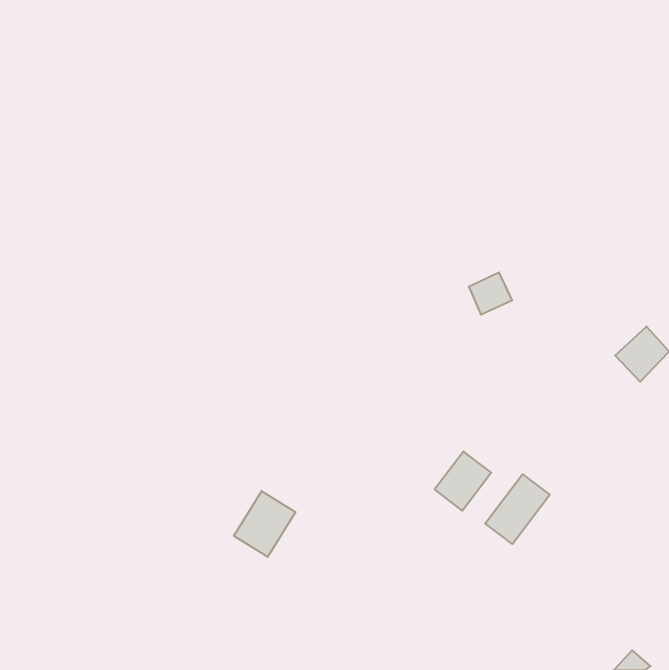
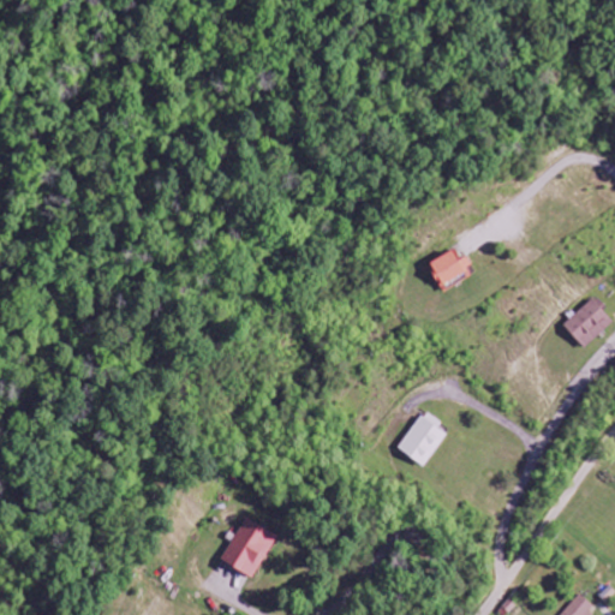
building: [485,474,550,544] -> none
building: [234,491,296,557] -> [220,518,276,578]

